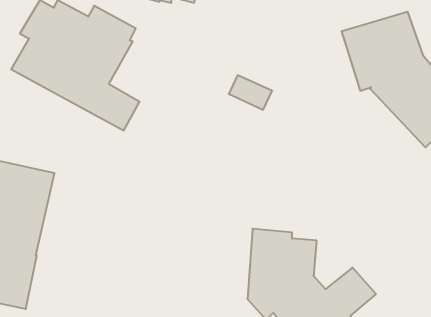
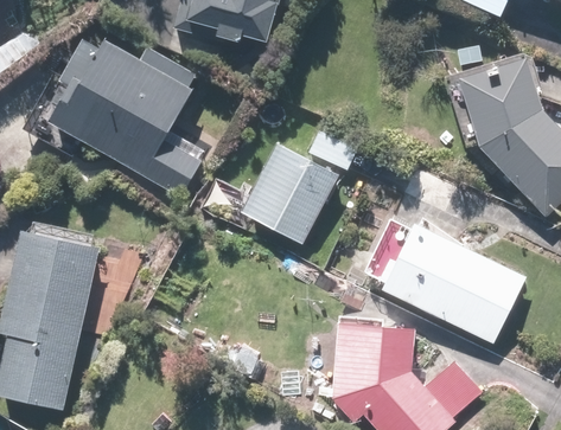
building: none -> [240,142,339,245]
building: none -> [381,224,527,344]

